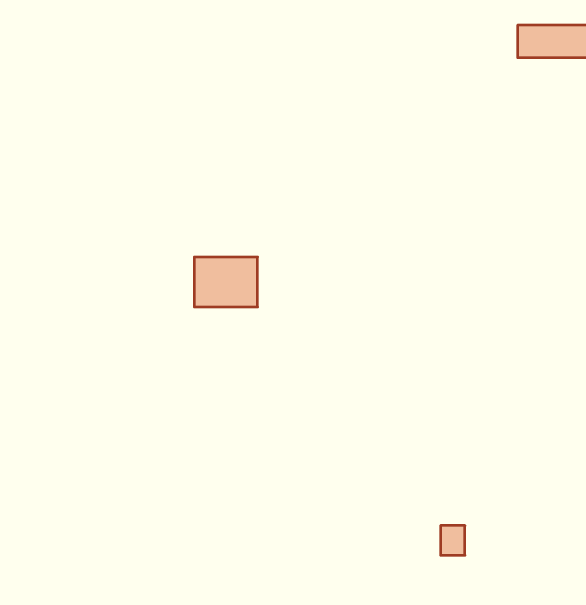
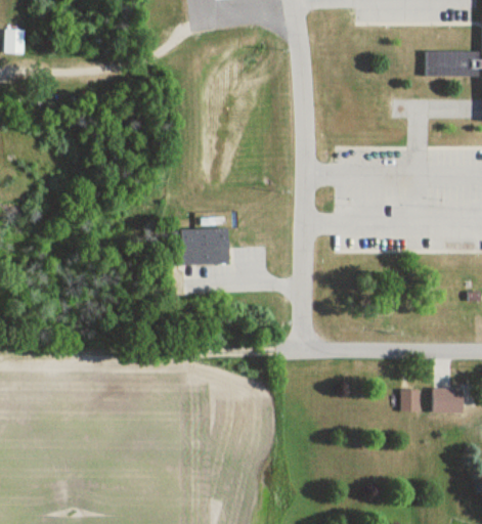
building: none -> [435,388,464,412]
building: [441,526,465,555] -> [402,389,421,411]

